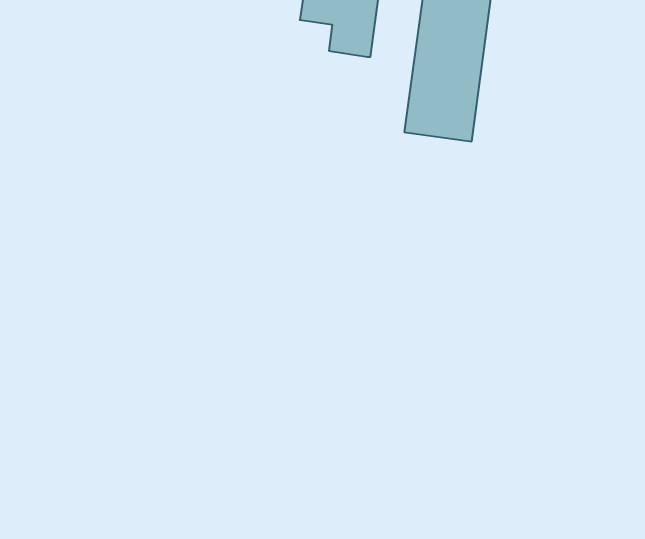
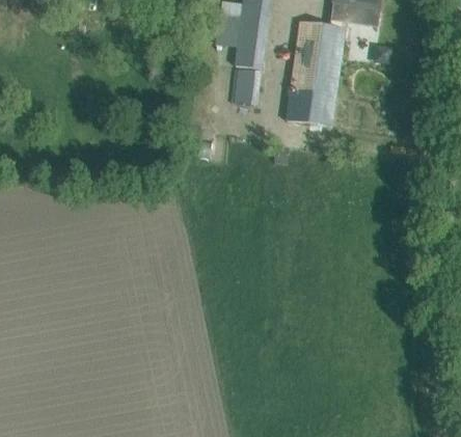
building: none -> [234,67,262,105]

